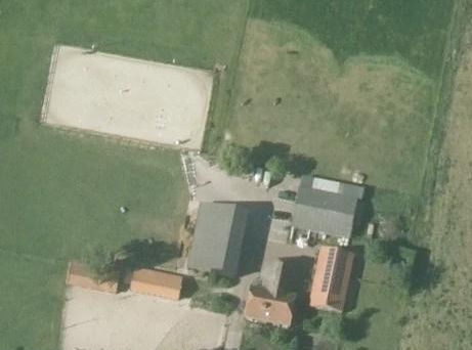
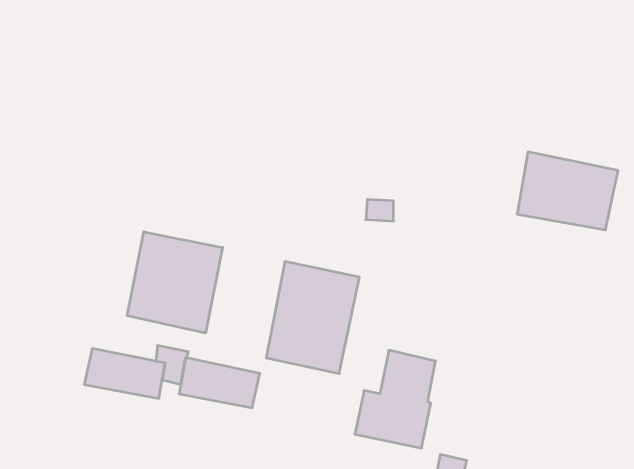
building: none -> [127,232,223,333]
building: [292,184,358,235] -> [517,152,618,230]
building: [309,246,355,310] -> none

